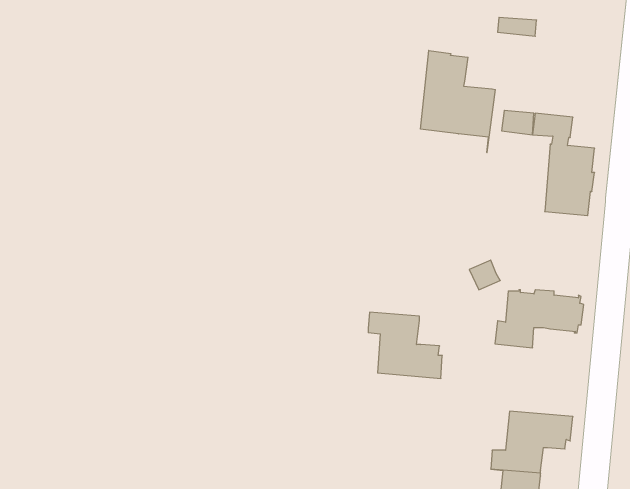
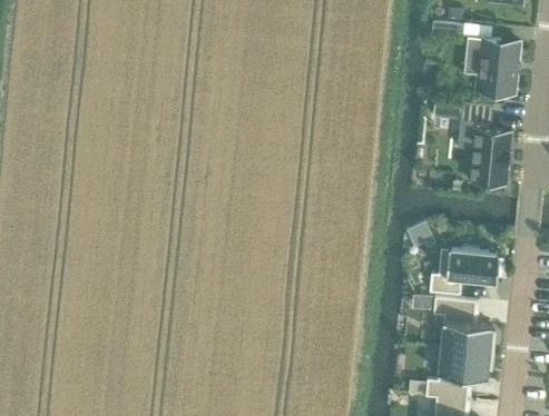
building: none -> [474,39,519,95]
building: [421,50,495,153] -> none
building: [368,312,442,378] -> [432,298,493,353]

